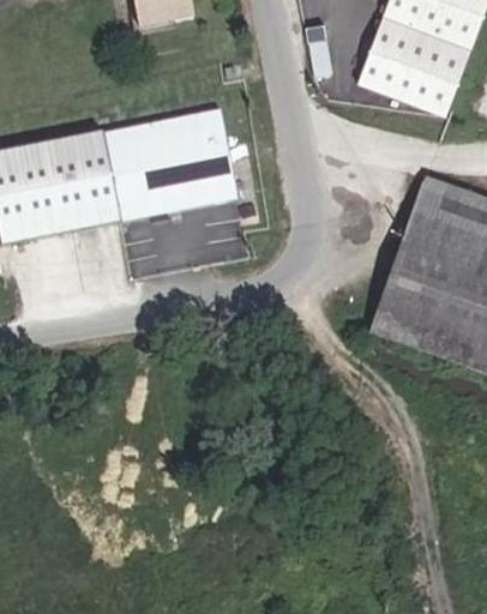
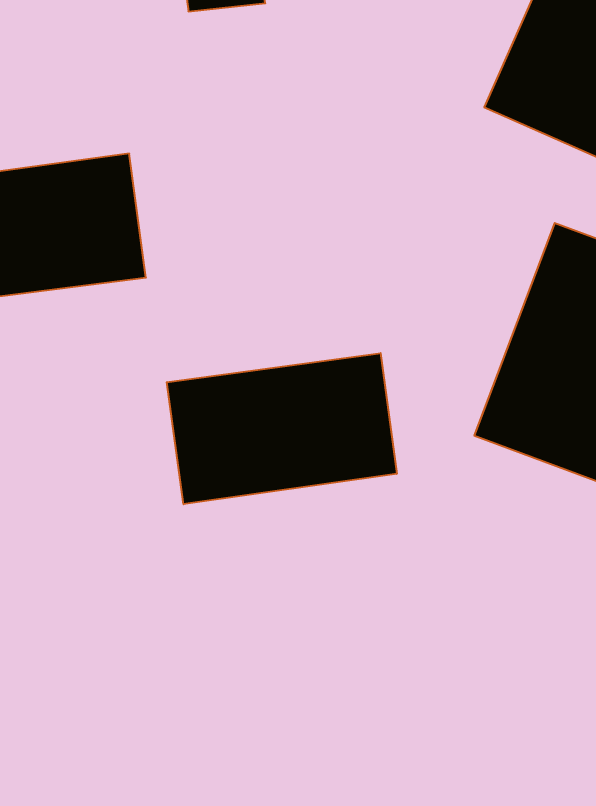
building: [104,109,245,222] -> none
building: none -> [167,353,397,504]

